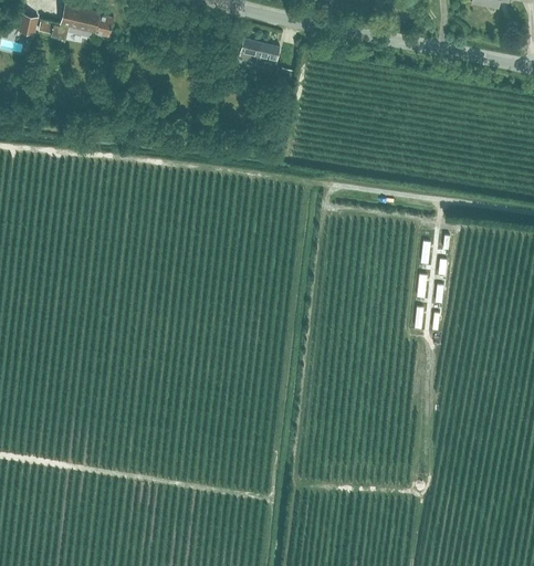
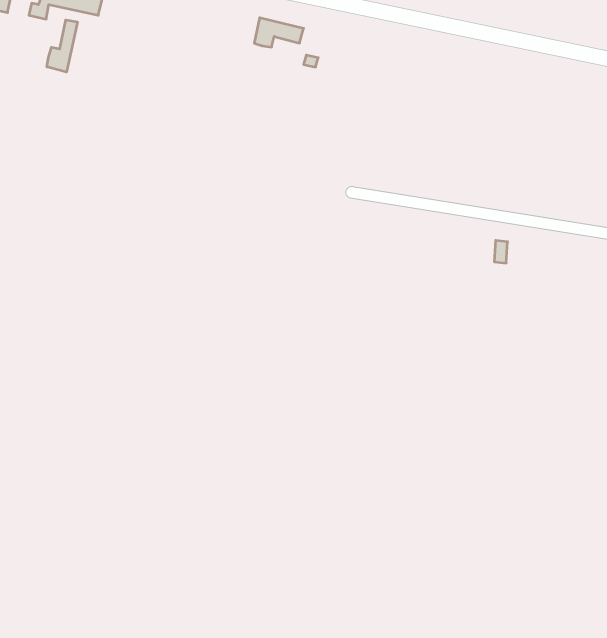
building: none -> [47,20,77,72]

